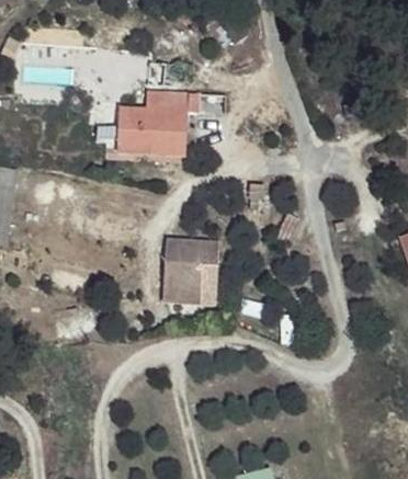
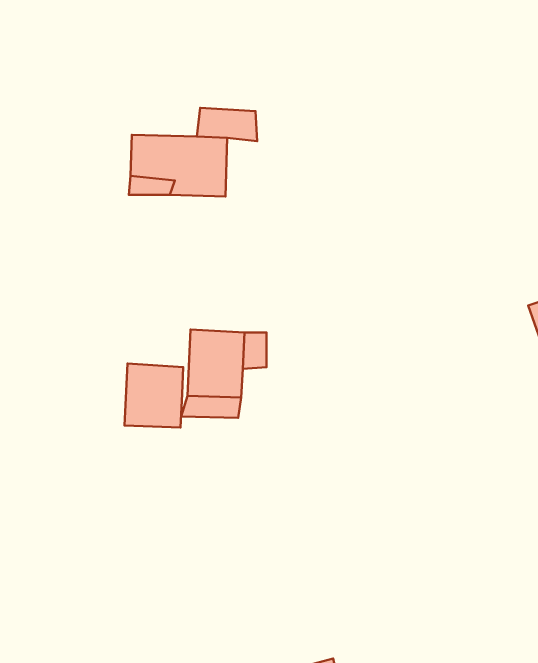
building: none -> [125,364,183,428]

